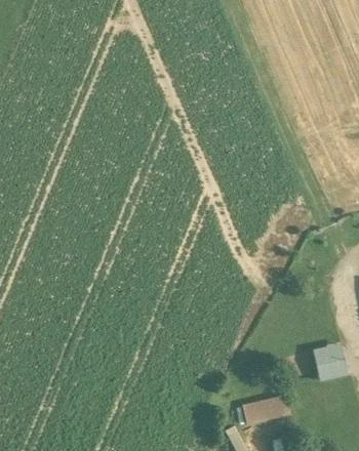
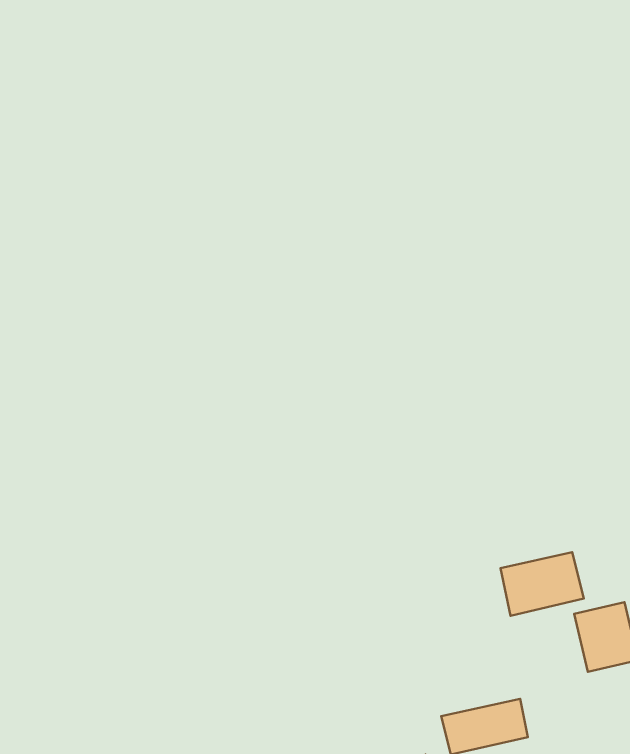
building: none -> [501,552,584,616]

